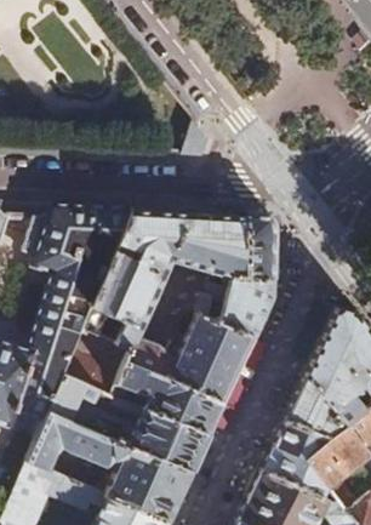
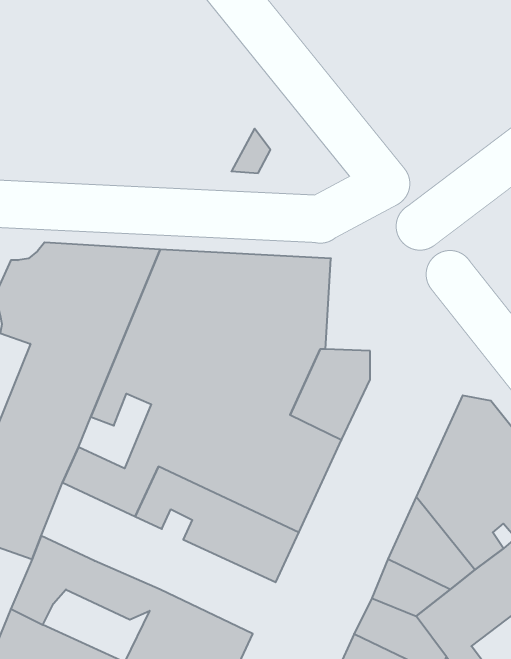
building: [242,218,275,281] -> none
building: [48,371,209,474] -> none

